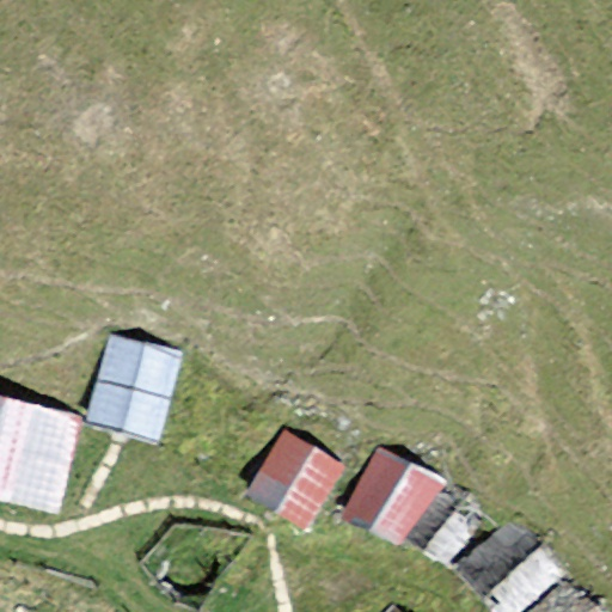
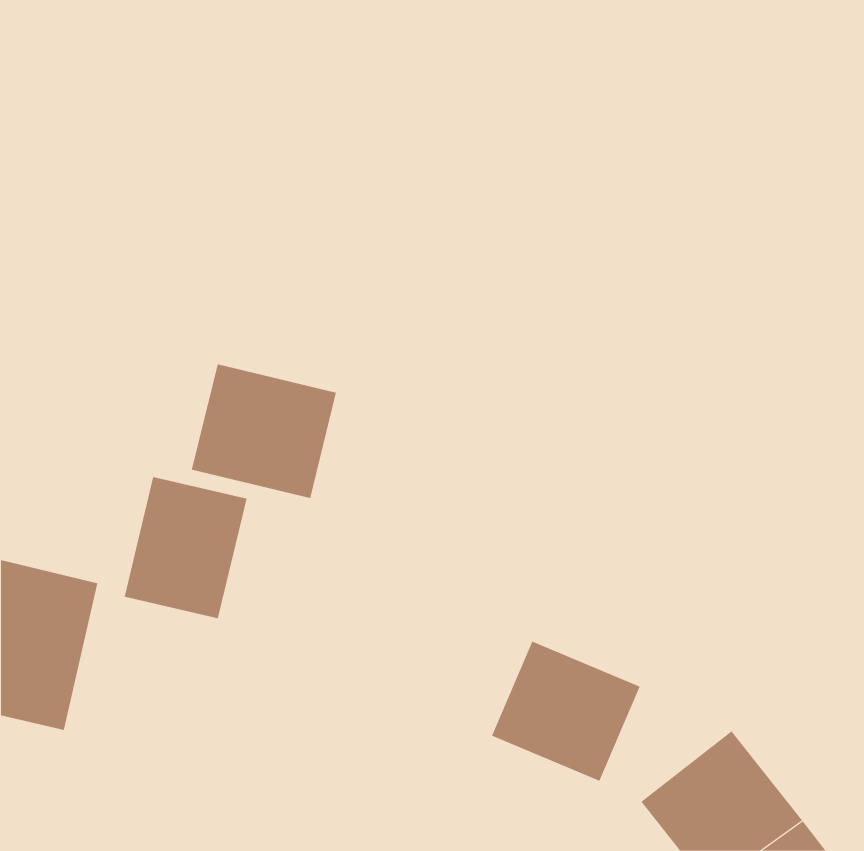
building: none -> [191,364,337,499]
building: [246,428,345,527] -> none

